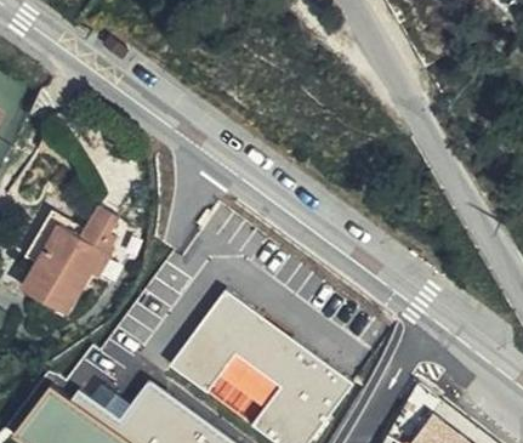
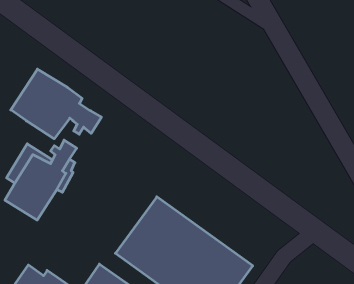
building: none -> [11,69,101,139]

